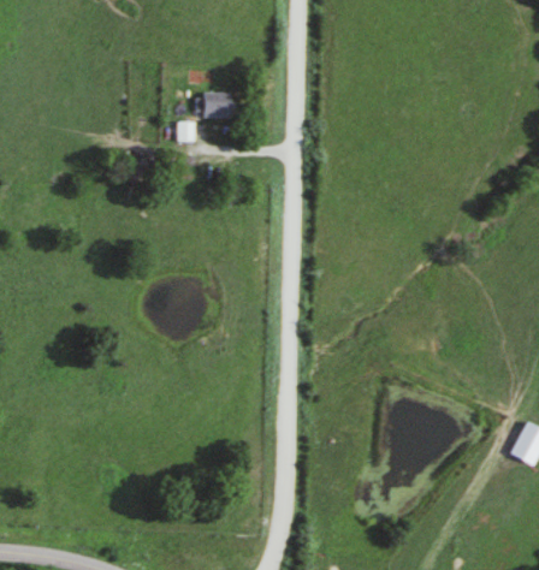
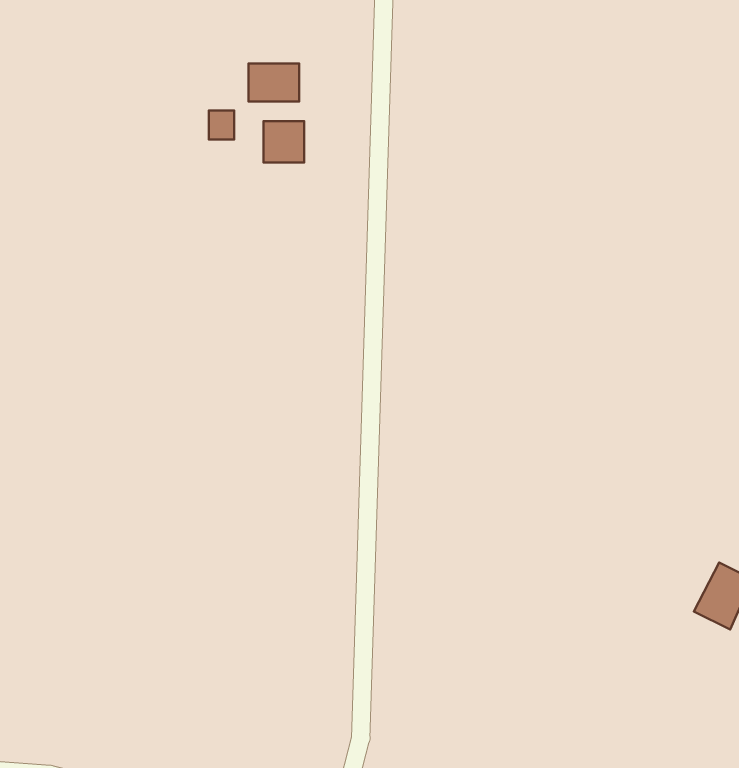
building: none -> [264,121,304,162]

